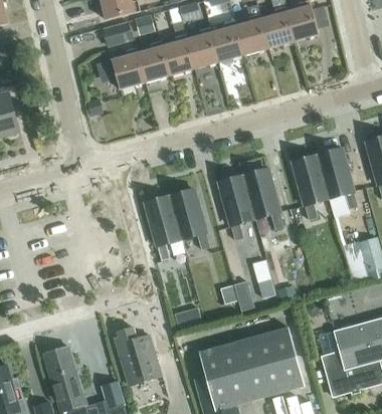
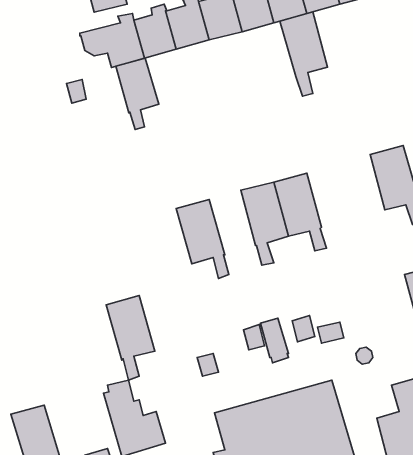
building: none -> [116,58,159,130]
building: [292,156,328,220] -> [280,12,328,96]
building: [144,197,181,261] -> [106,296,155,380]

